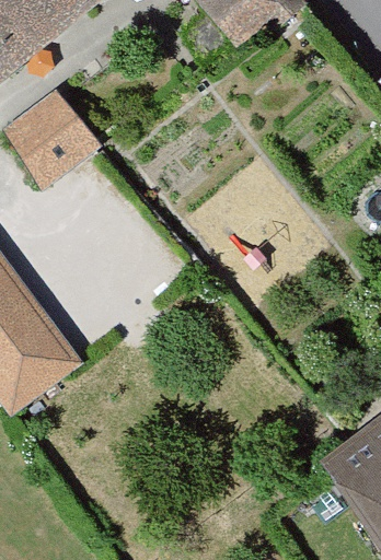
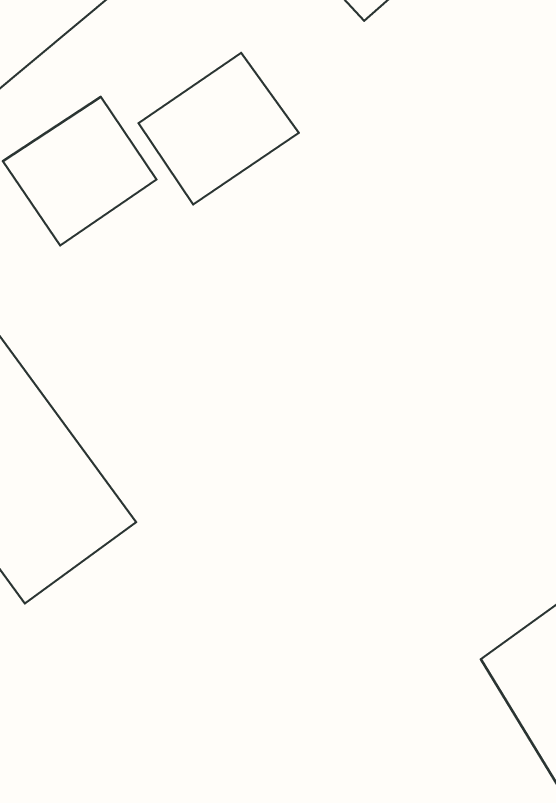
building: none -> [138,53,299,205]

